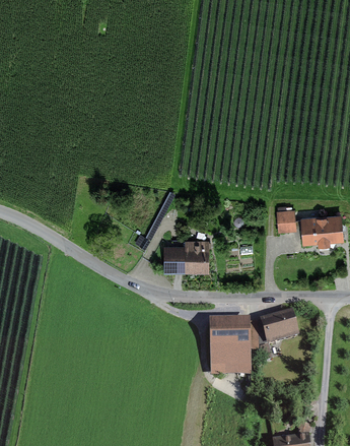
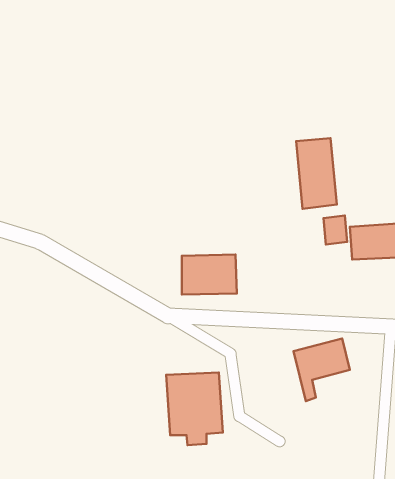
building: none -> [296,138,337,209]
building: [208,316,254,375] -> [166,372,223,445]

